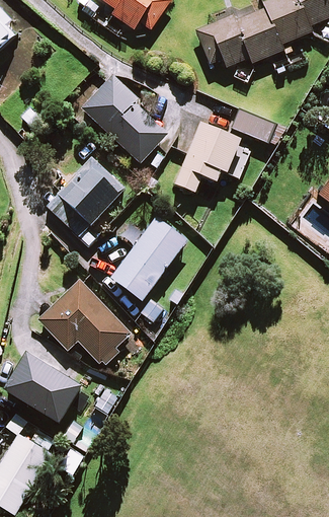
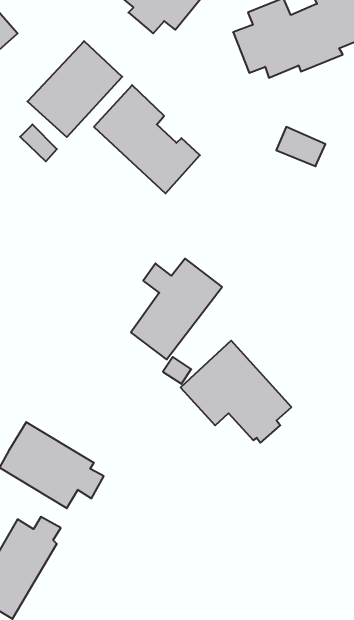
building: [174,123,252,192] -> none
building: [47,157,125,236] -> [27,41,122,137]
building: [38,281,130,365] -> [181,341,291,443]

